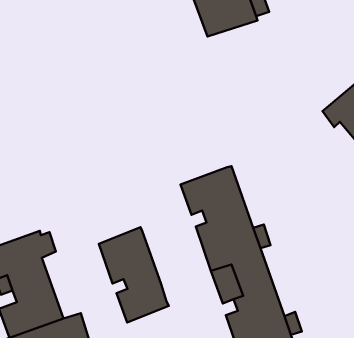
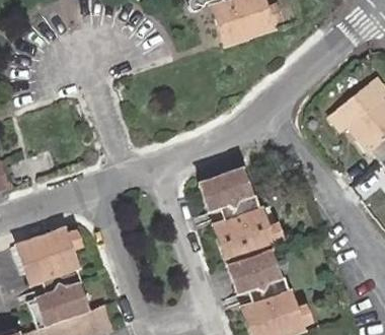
building: [99,227,169,323] -> none

